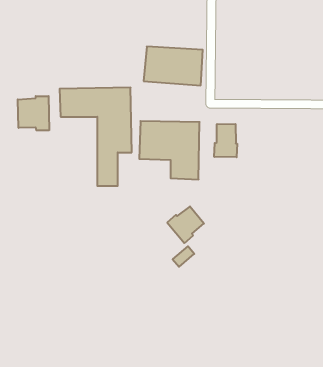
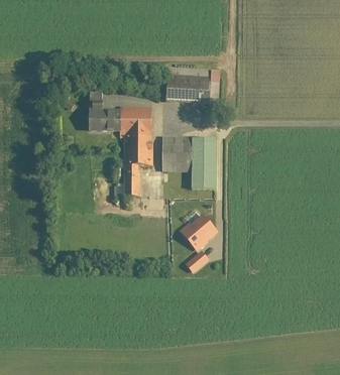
building: [18,96,49,130] -> none
building: [214,124,237,157] -> none

